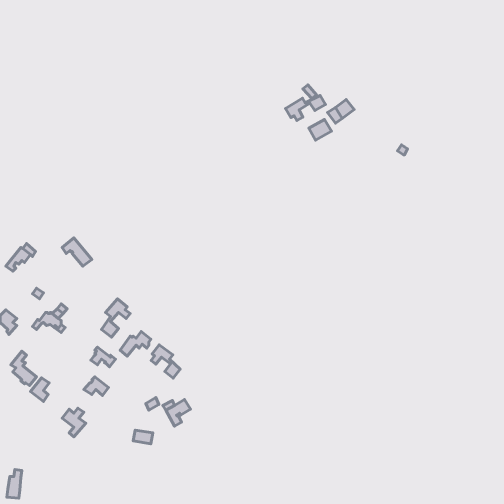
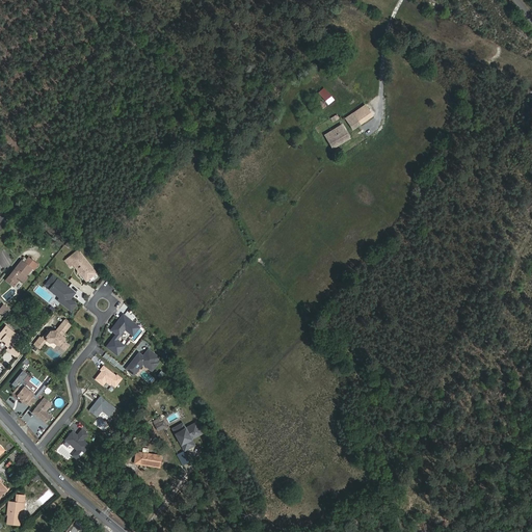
building: [286,95,325,121] -> none
building: none -> [46,275,77,311]
building: [151,345,180,378] -> none

